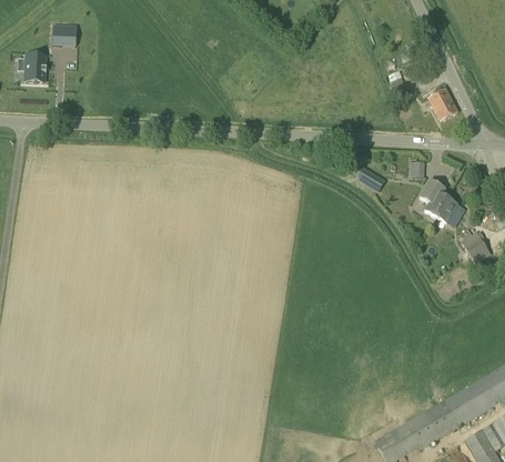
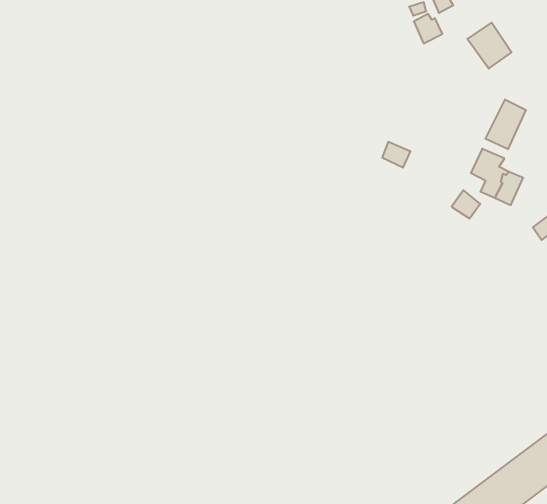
building: none -> [486,99,526,149]

